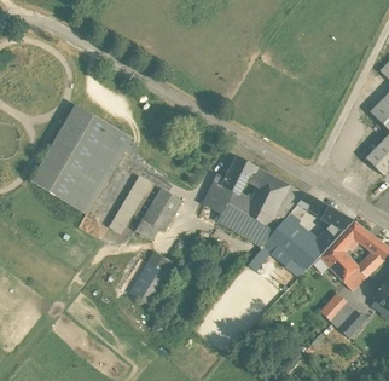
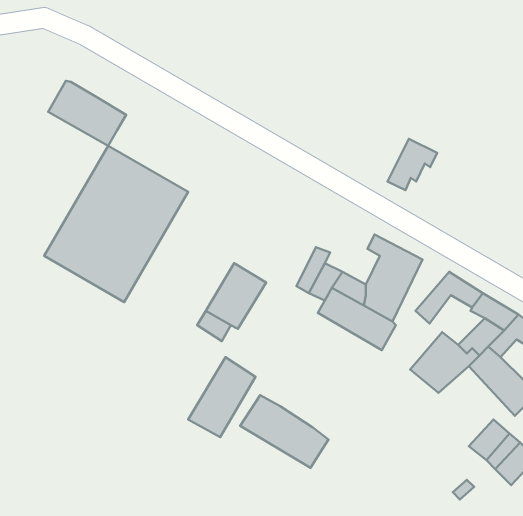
building: none -> [48,81,126,146]
building: [222,157,256,192] -> [388,139,437,190]
building: [111,174,151,230] -> none
building: [262,219,302,259] -> none
building: none -> [240,395,329,468]

